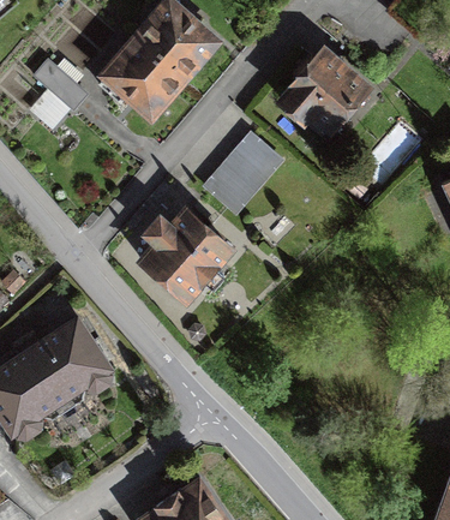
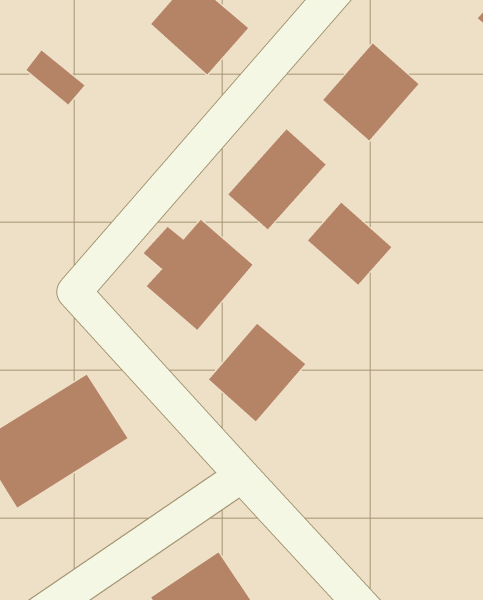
building: [102,36,185,118] -> none
building: none -> [307,202,392,286]
building: none -> [208,323,306,422]

